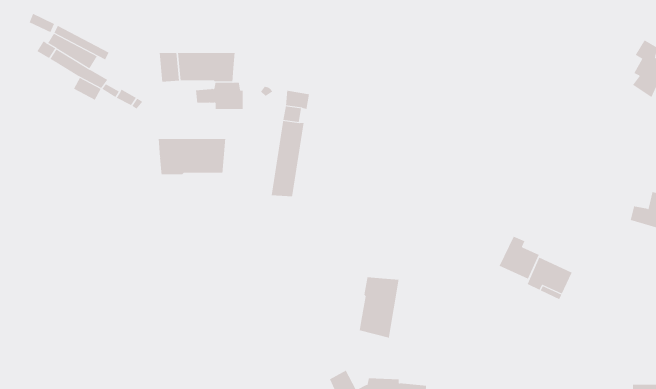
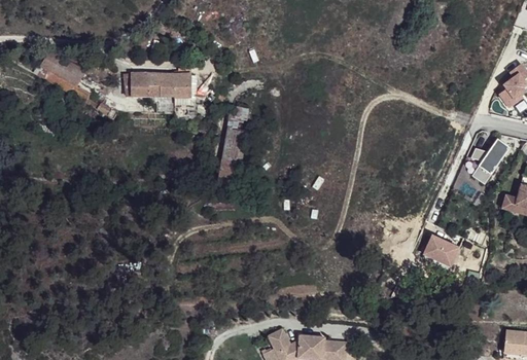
building: none -> [468,138,508,184]
building: [158,138,226,175] -> none
building: [499,236,540,280] -> none
building: [359,276,399,339] -> none

